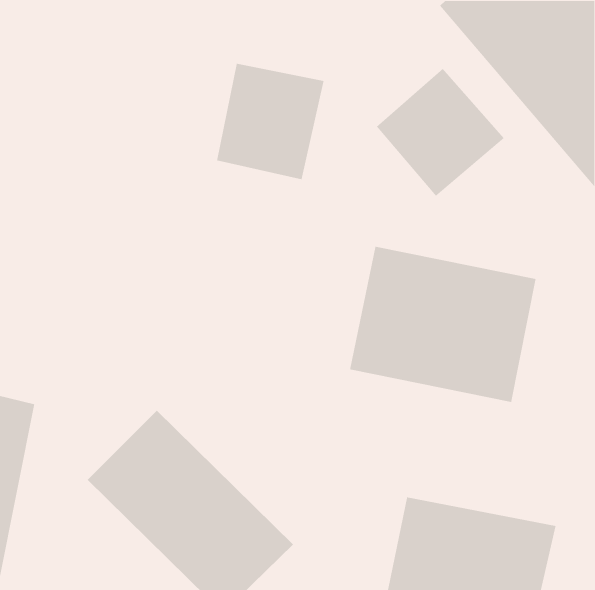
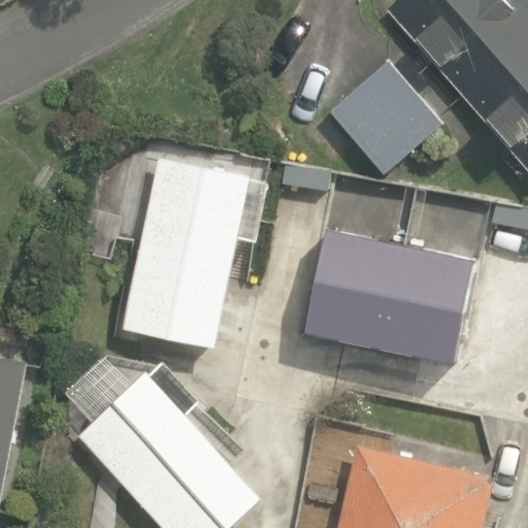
building: [216,63,324,180] -> none
building: none -> [123,154,251,343]

